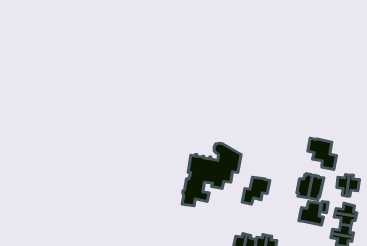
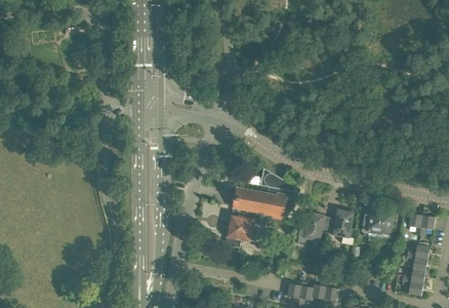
building: [308,138,336,169] -> none
building: [299,202,323,225] -> [326,210,355,238]

